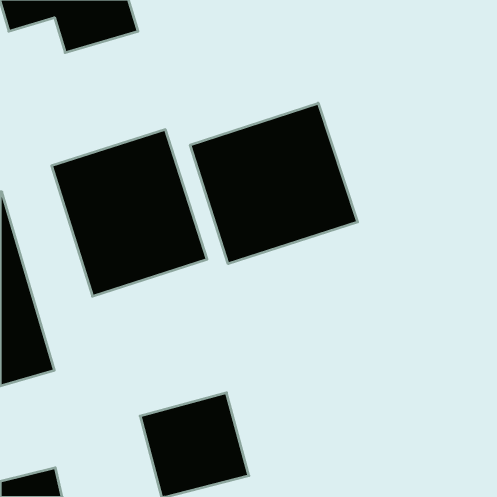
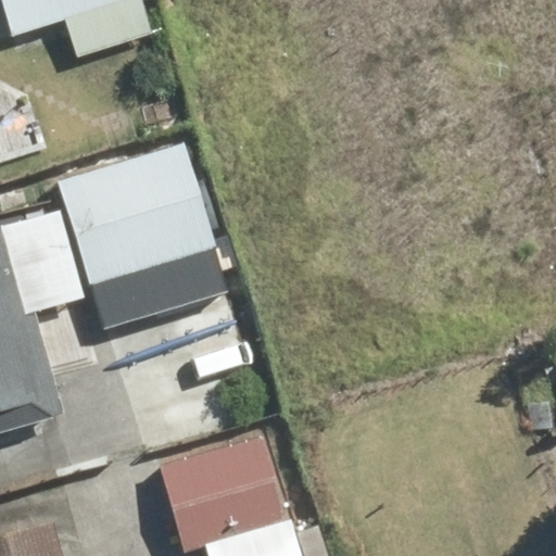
building: [190,103,358,264] -> none

